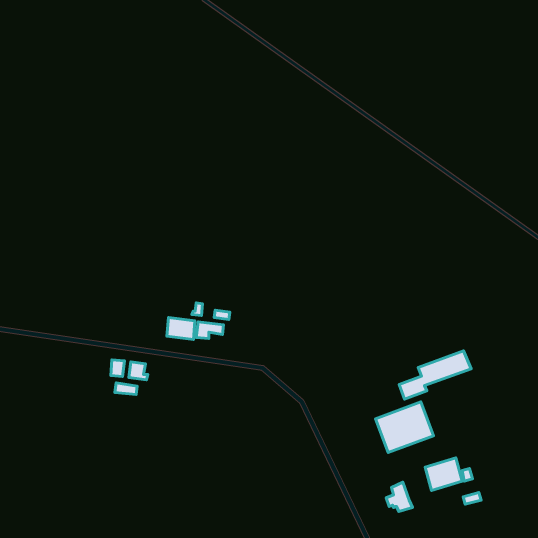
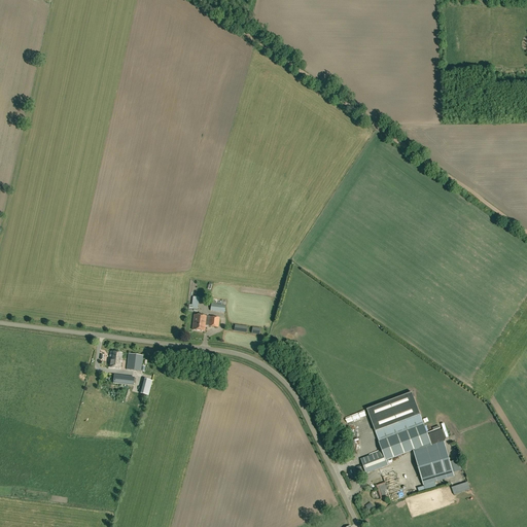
building: [167,318,195,339] -> none
building: [399,351,471,399] -> [360,425,430,472]

